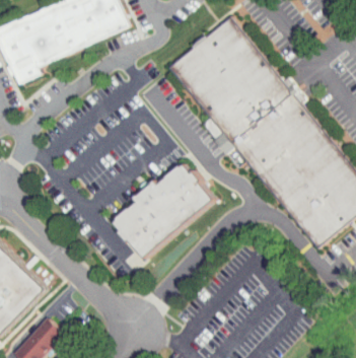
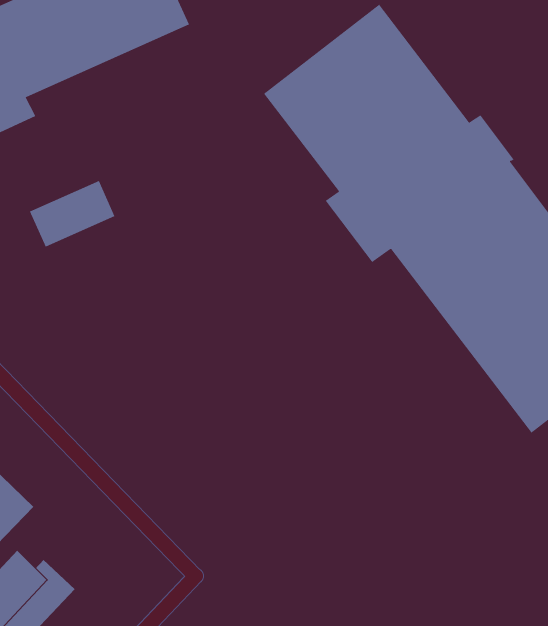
building: none -> [29,180,115,248]
building: [114,161,215,256] -> none

